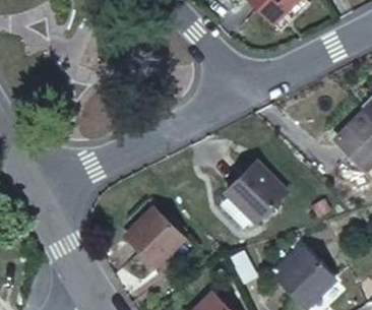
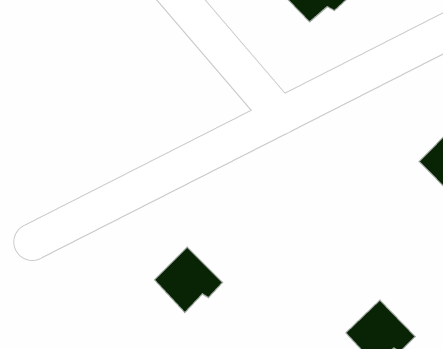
building: [229,163,287,215] -> none

